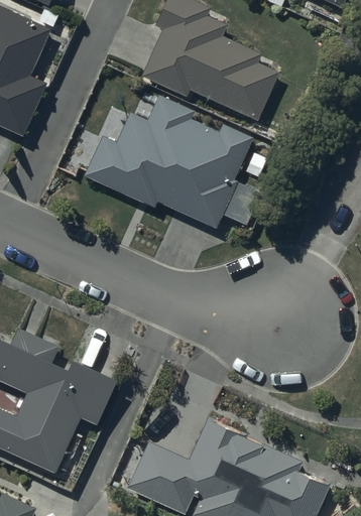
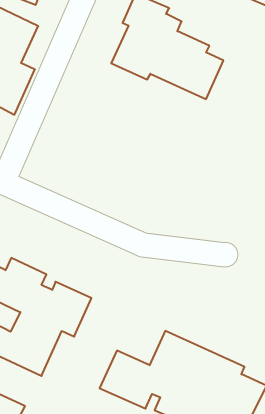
building: [81,100,252,235] -> none

